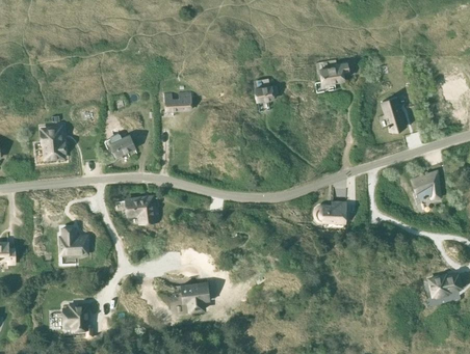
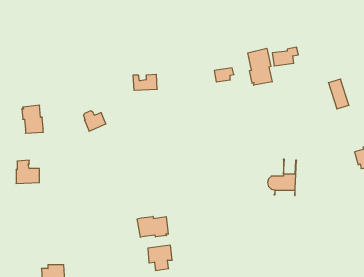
building: none -> [248,48,272,85]
building: [126,196,160,223] -> none
building: [61,227,87,253] -> [16,160,39,184]
building: none -> [137,216,168,237]

